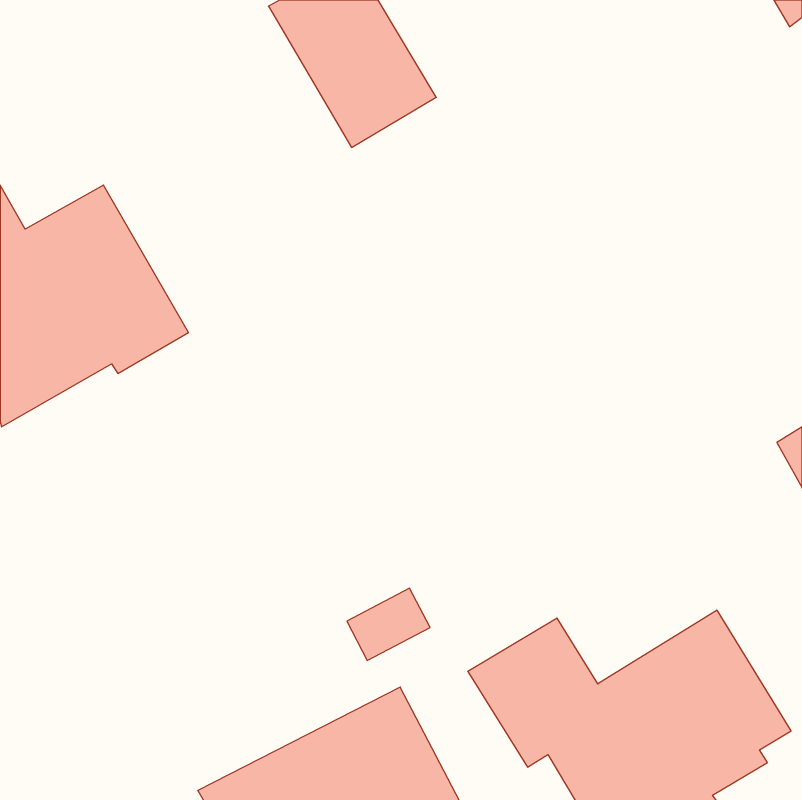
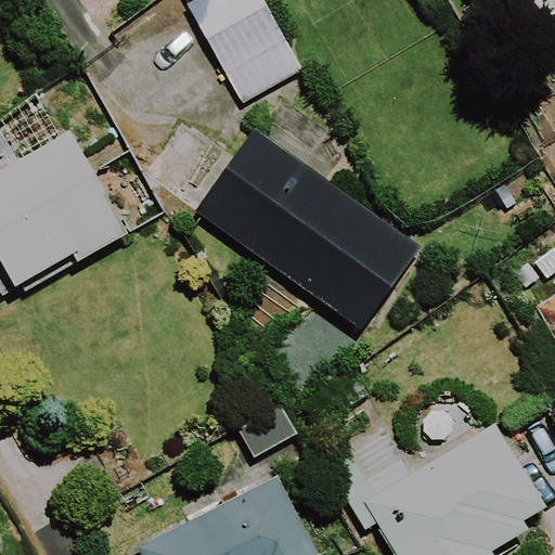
building: none -> [196,128,421,331]

